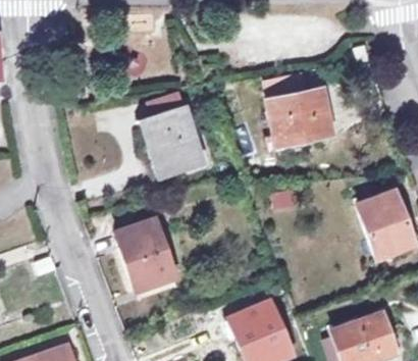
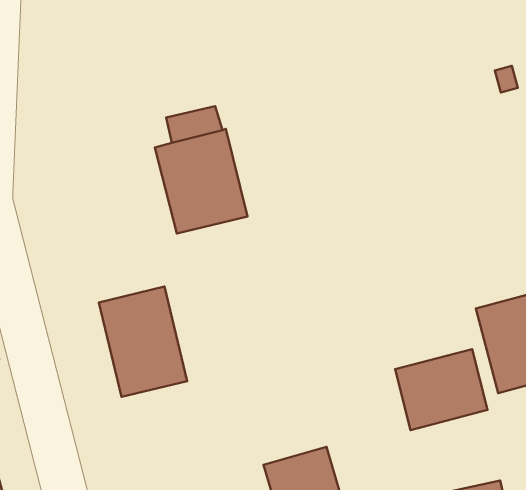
building: [268,85,332,145] -> none
building: none -> [395,349,487,430]

